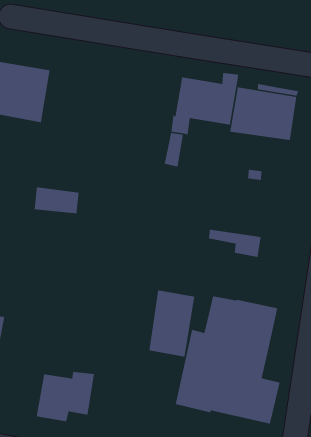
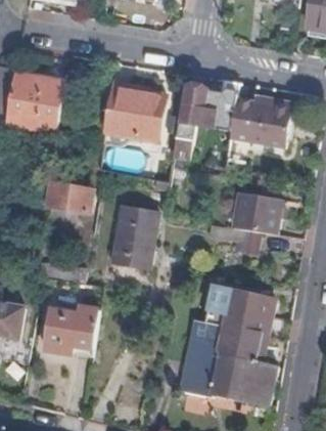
building: none -> [102,83,165,136]
building: none -> [234,191,282,234]
building: [149,290,195,357] -> [112,206,155,268]
building: [36,371,95,422] -> [43,307,97,354]

